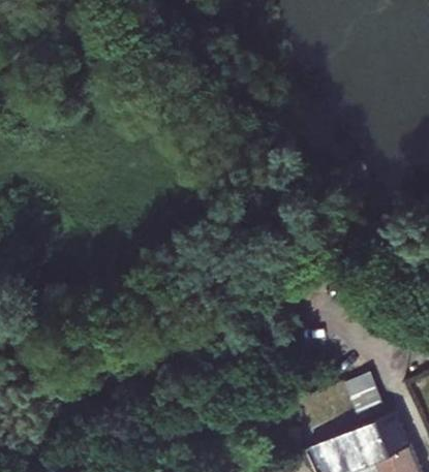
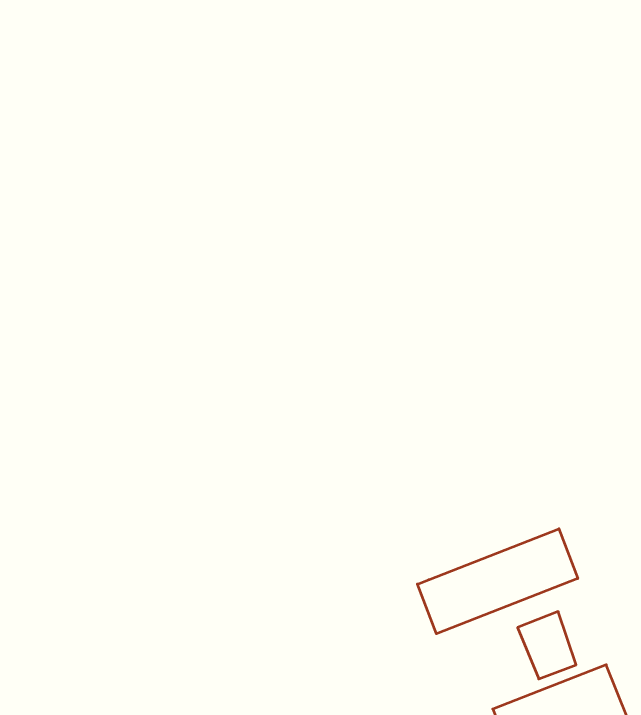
building: none -> [417,529,578,634]

